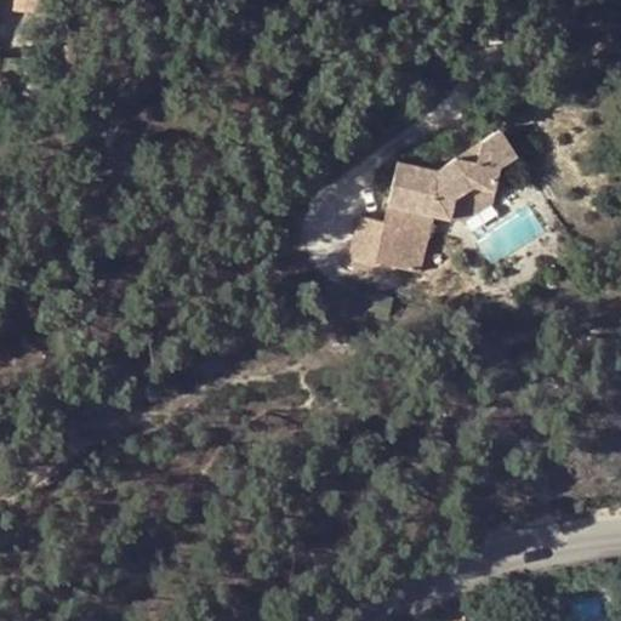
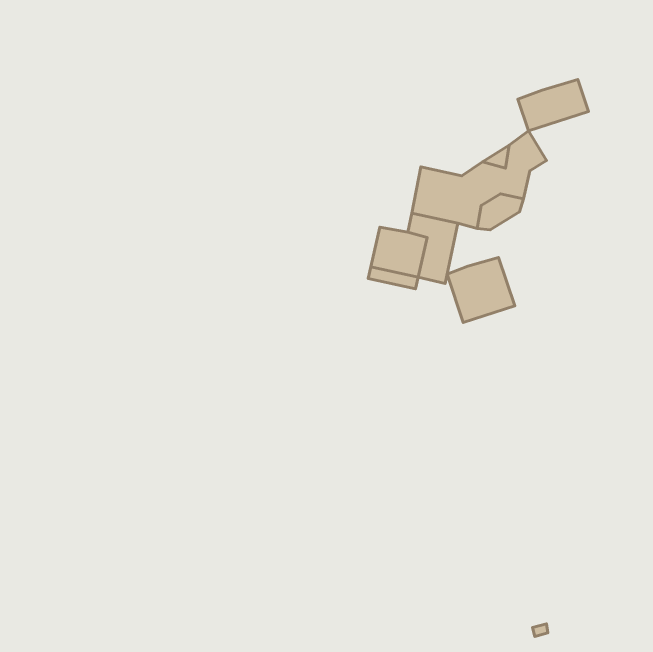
building: none -> [518,80,588,131]
building: none -> [447,258,515,323]

